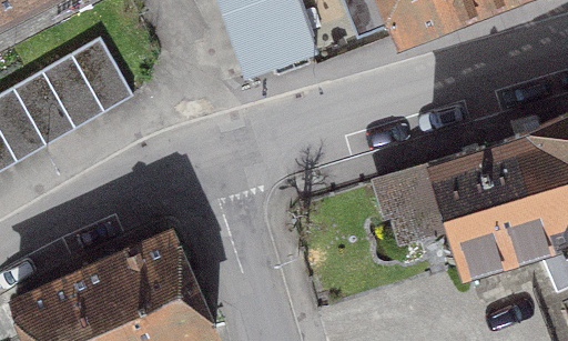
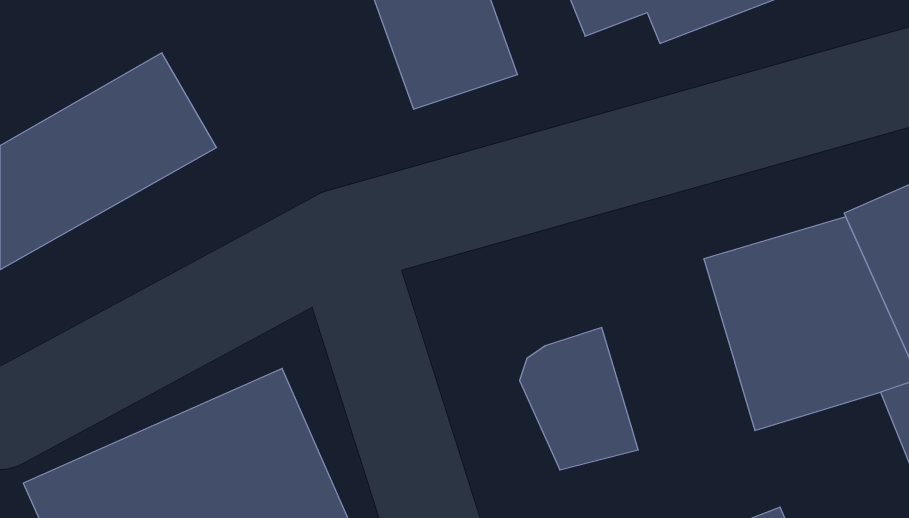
building: [378,163,450,250] -> [520,328,638,470]

